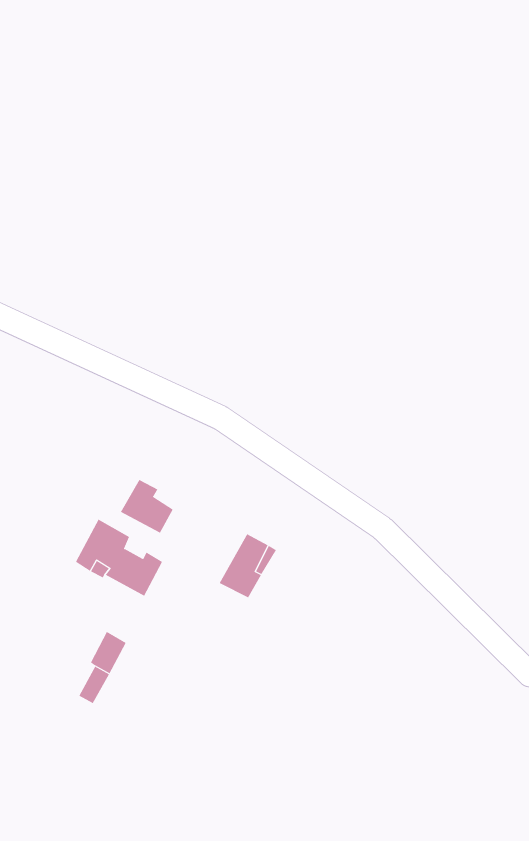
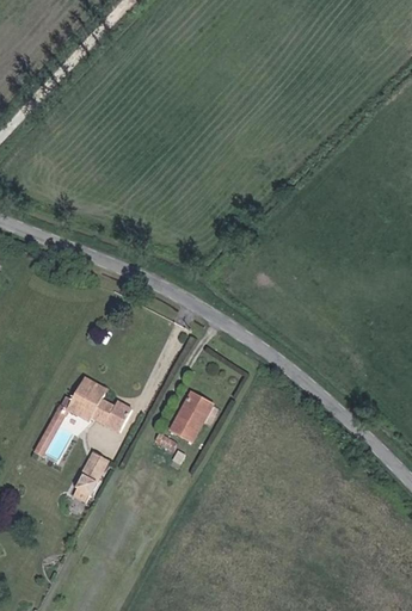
building: [120,479,174,534] -> none

